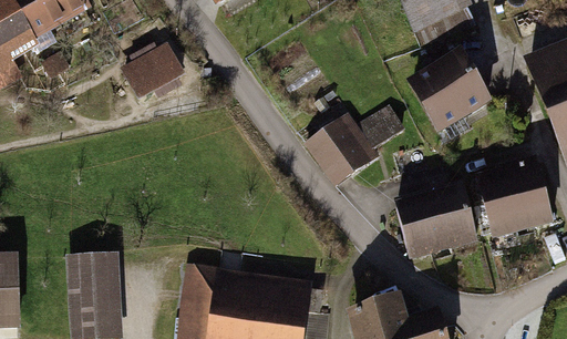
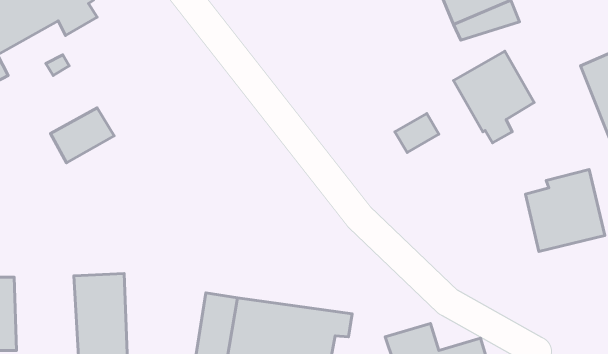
building: [125,45,183,95] -> [51,108,114,163]
building: [308,119,370,182] -> none
building: [398,188,477,255] -> none

